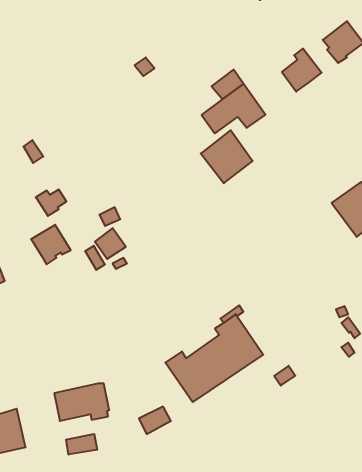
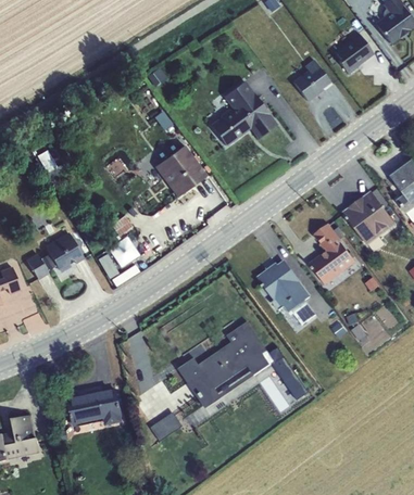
building: [201,130,253,183] -> [154,143,205,195]
building: [36,189,66,216] -> [25,252,55,278]
building: none -> [309,223,354,283]
building: none -> [256,259,315,323]
building: [66,434,97,455] -> none

